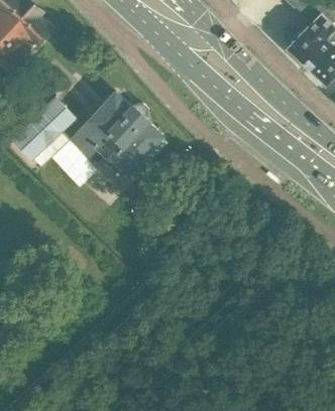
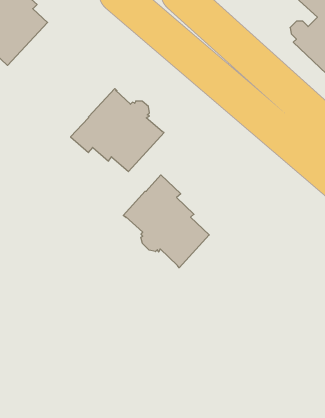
building: [13,97,77,159] -> none
building: none -> [123,175,209,268]

